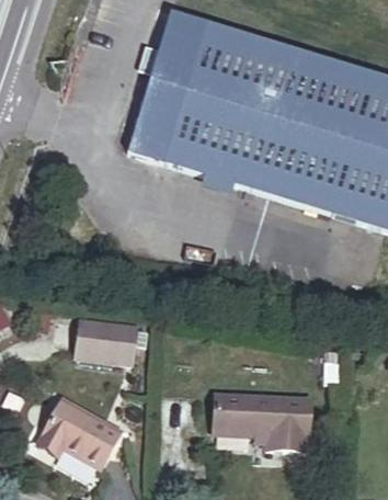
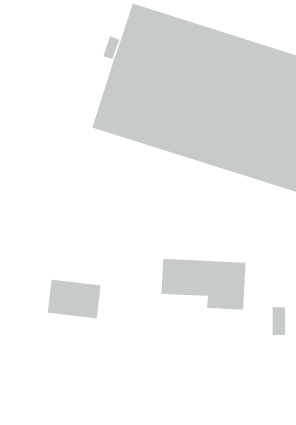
building: [216,391,311,448] -> [160,259,247,310]
building: [39,397,122,465] -> none

